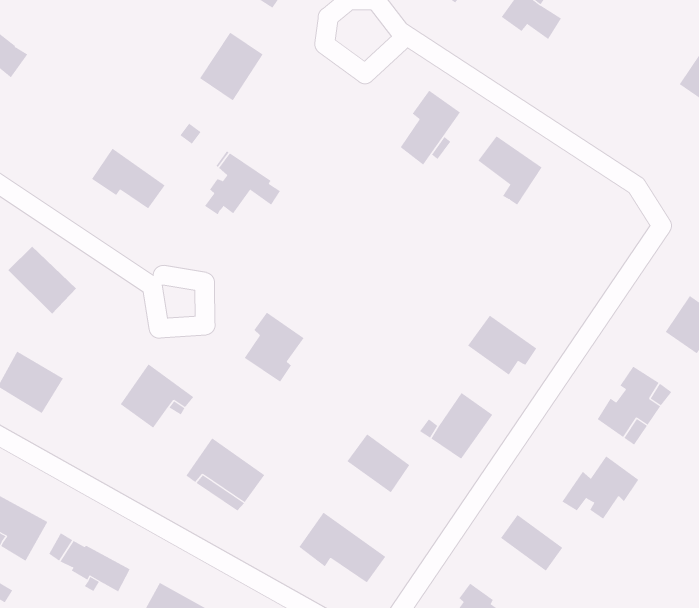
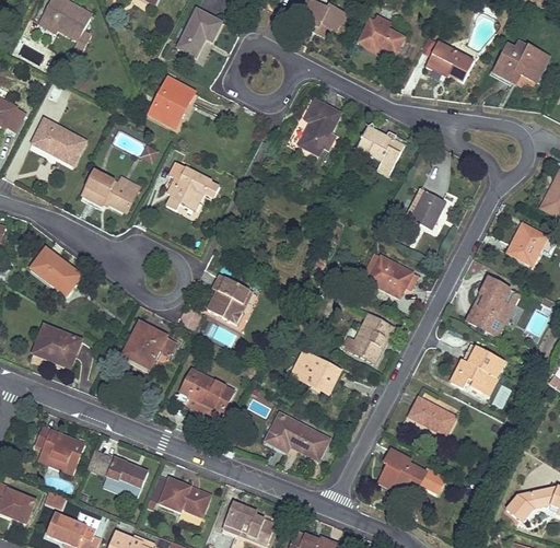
building: none -> [425,42,474,80]
building: none -> [32,119,85,163]
building: none -> [407,187,445,229]

